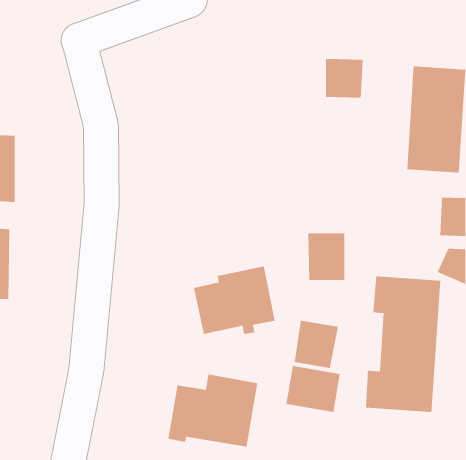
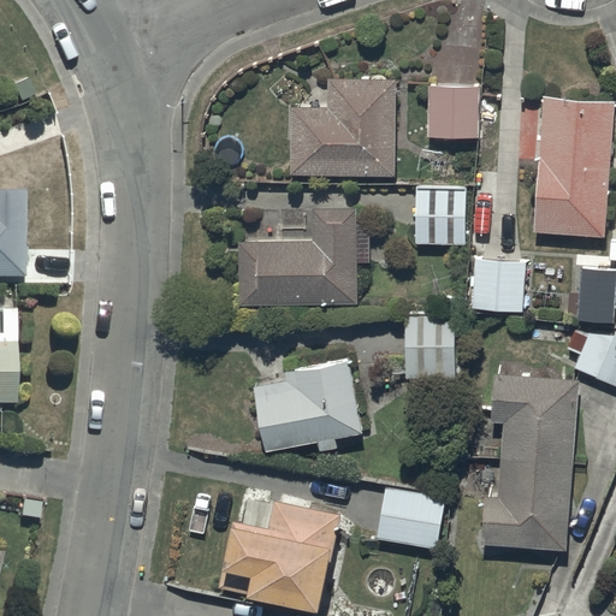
building: none -> [289,79,393,177]
building: none -> [415,188,464,244]
building: none -> [238,208,368,304]
building: none -> [470,260,523,313]
building: [294,320,338,369] -> none

